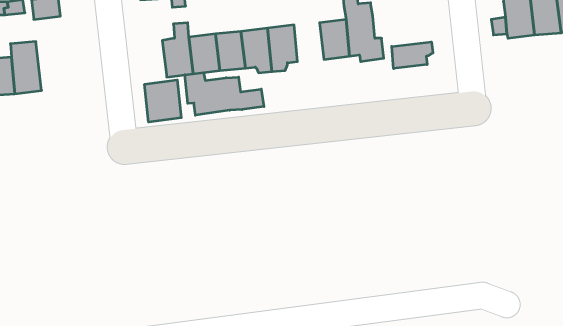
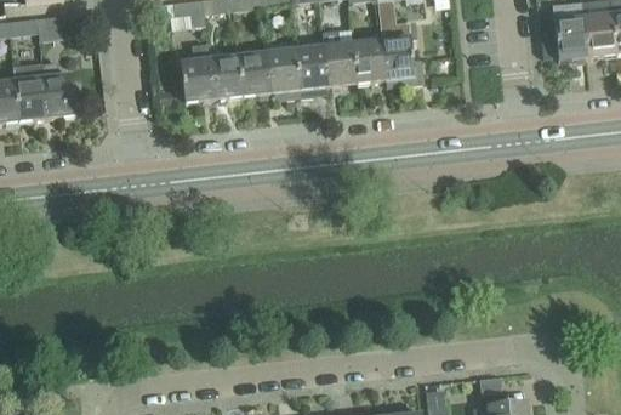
building: none -> [321,28,357,85]
building: none -> [41,61,76,116]
building: [392,42,433,69] -> none
building: [185,73,264,115] -> none
building: [145,80,181,122] -> none

